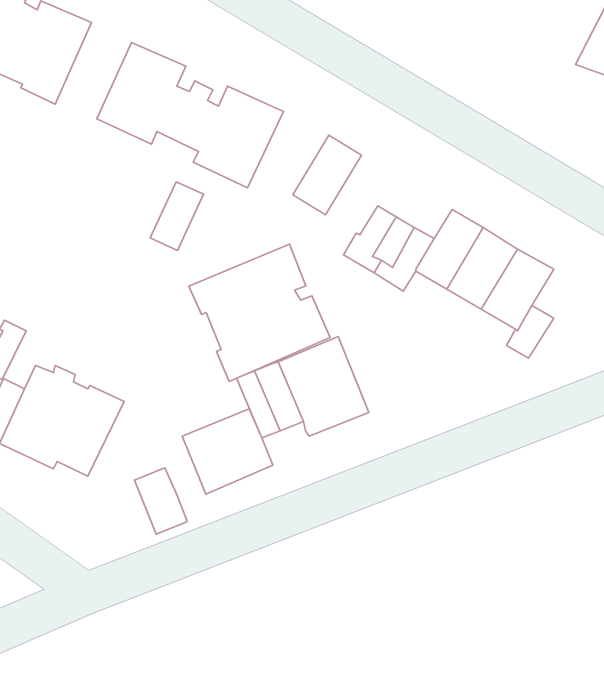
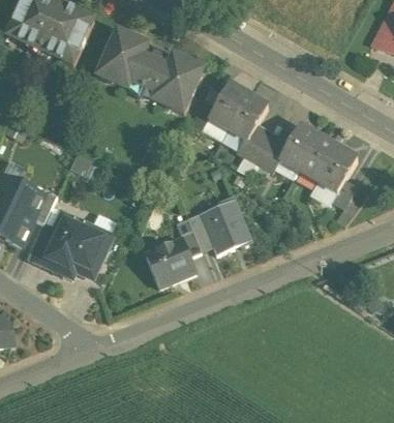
building: none -> [226,93,267,139]
building: [150,182,203,250] -> none
building: [189,244,330,381] -> none
building: [134,468,187,534] -> none

